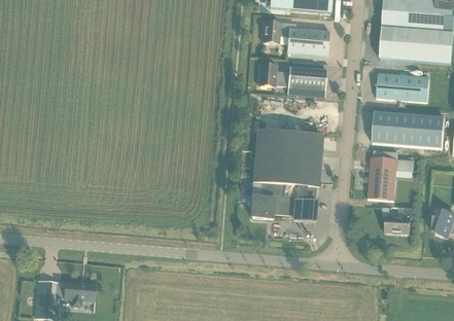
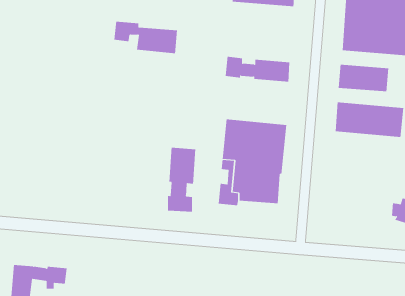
building: [263,21,329,55] -> [113,21,178,54]
building: [368,155,396,199] -> none
building: none -> [167,147,196,212]
building: [385,206,413,233] -> none

